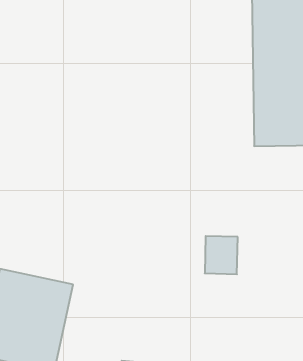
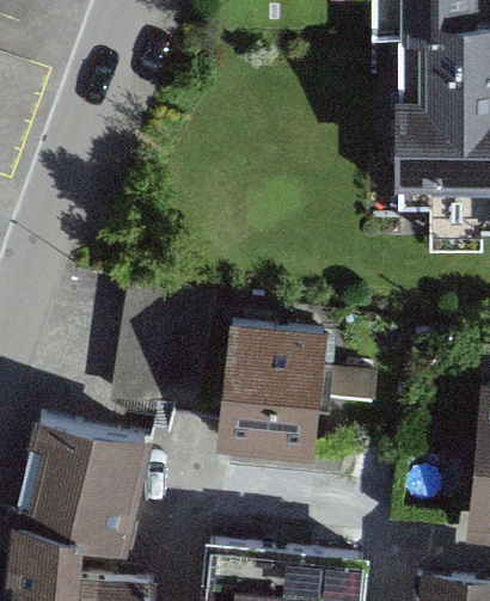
building: none -> [221,314,330,461]

